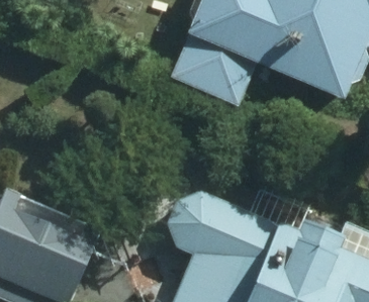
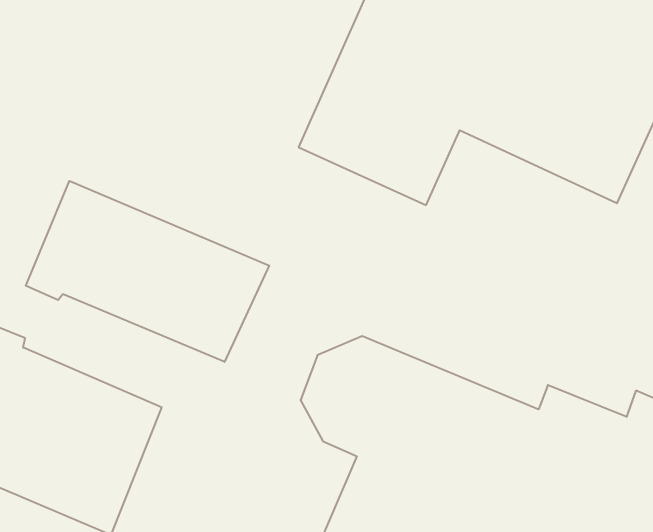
building: none -> [26,181,269,362]

